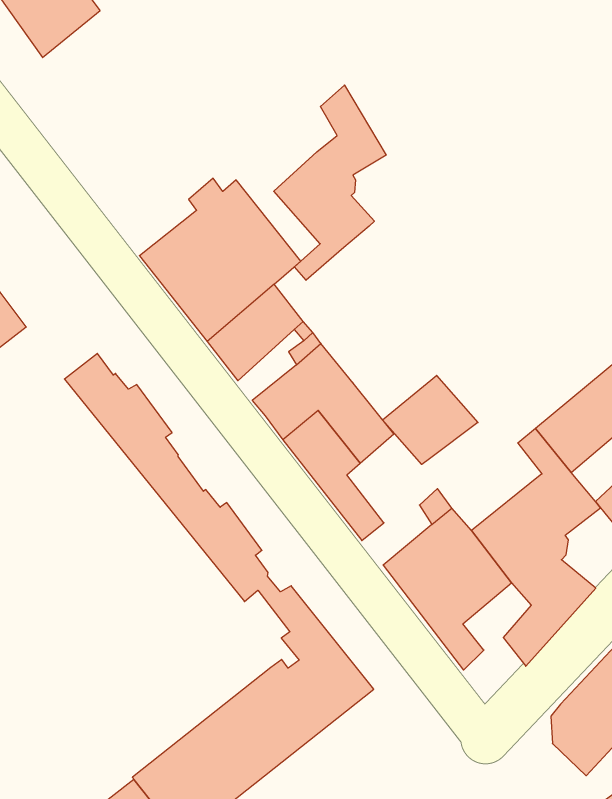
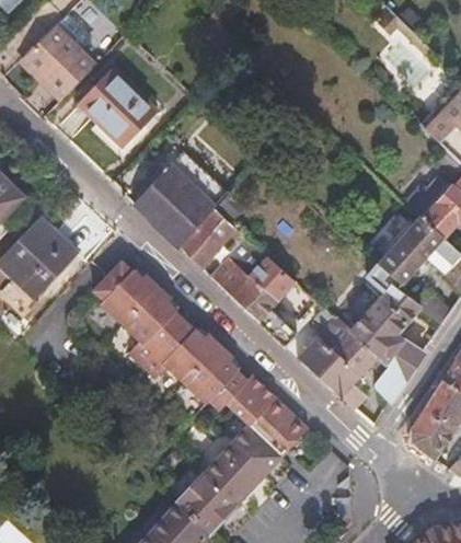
building: none -> [80,70,157,147]
building: [274,85,386,280] -> none
building: [383,375,478,464] -> none
building: none -> [93,280,262,426]

